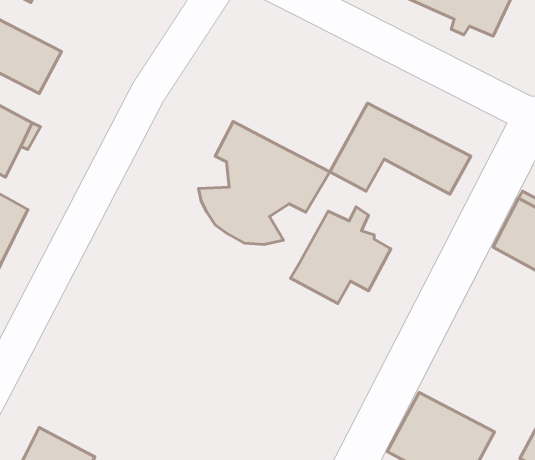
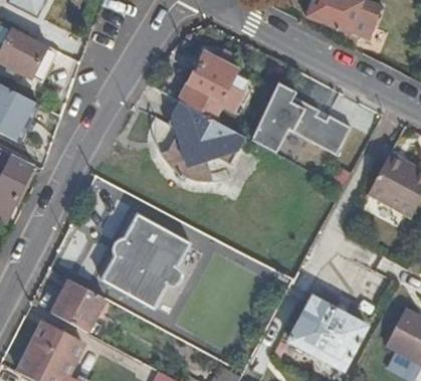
building: [290,207,391,303] -> [180,50,252,120]
building: none -> [102,220,187,311]
building: none -> [46,276,100,331]

